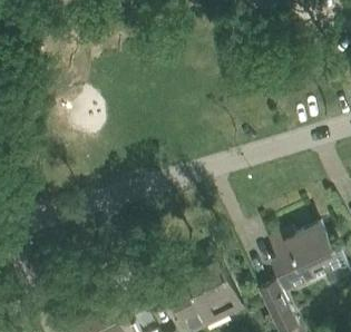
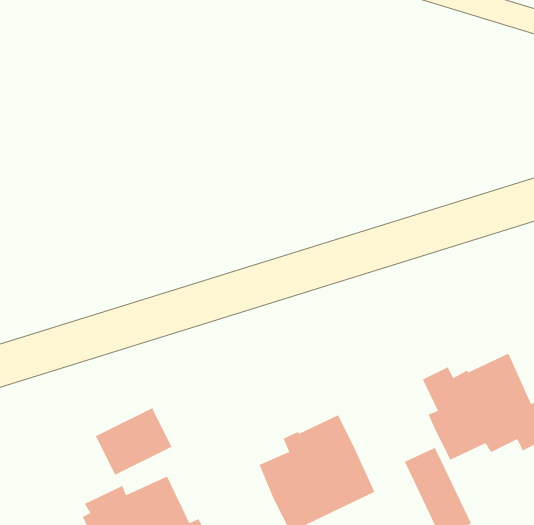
building: none -> [95,407,173,476]

